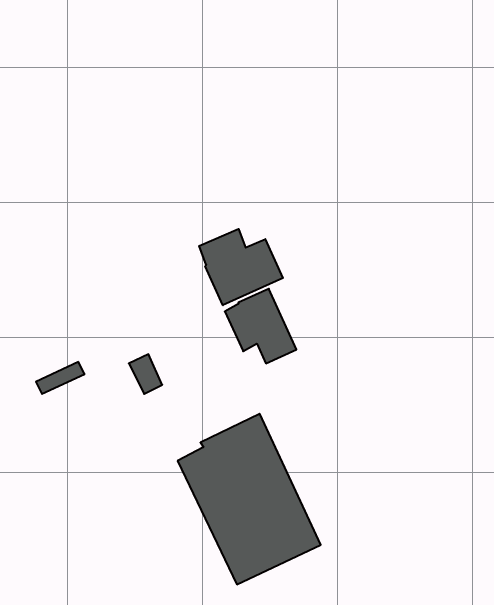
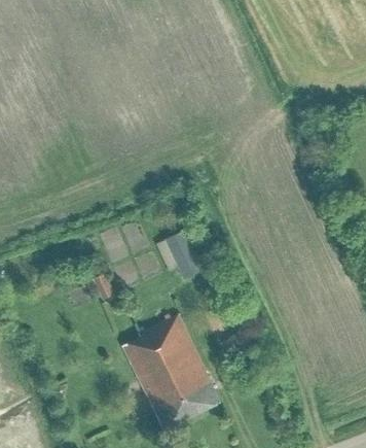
building: [199,229,283,305] -> none

